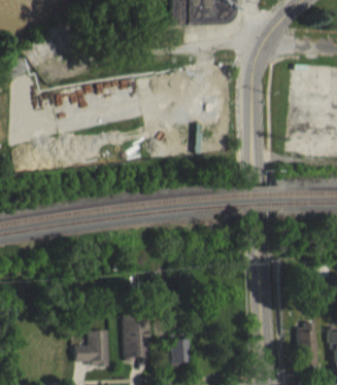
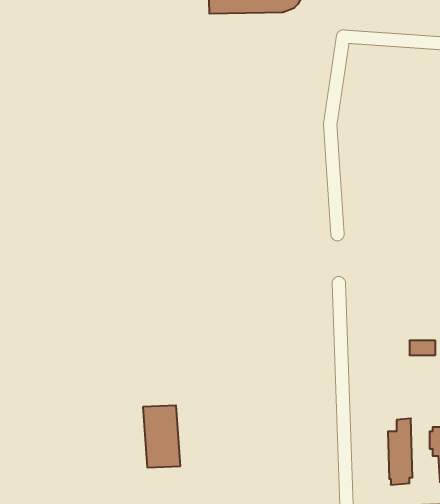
building: [75,328,109,366] -> none
building: [167,338,187,365] -> none

